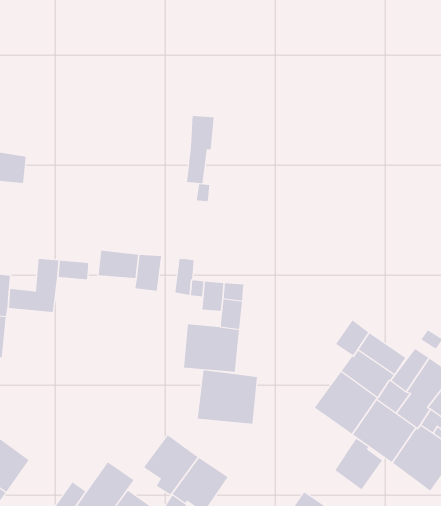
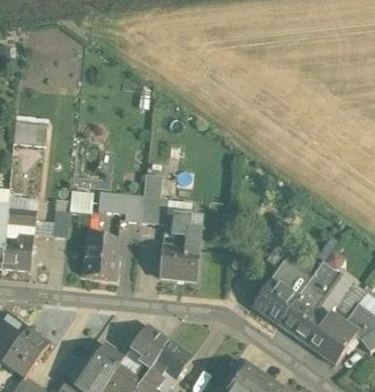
building: [186,116,214,184] -> [139,175,160,223]
building: none -> [82,234,116,279]
building: [197,370,258,425] -> none
building: [334,438,383,490] -> none

